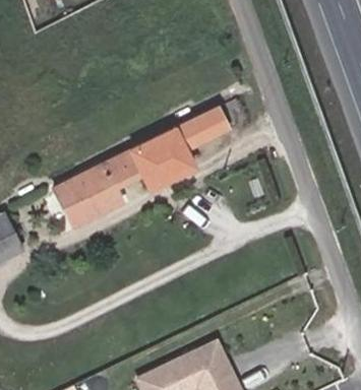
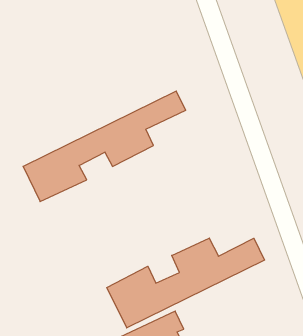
building: none -> [107,238,265,328]

